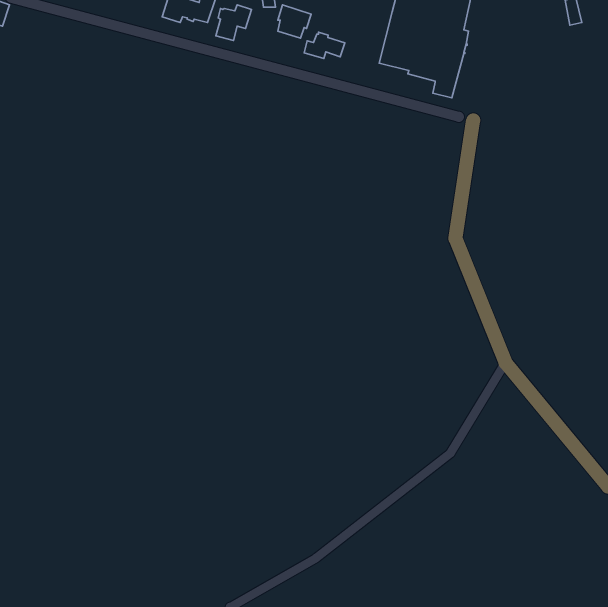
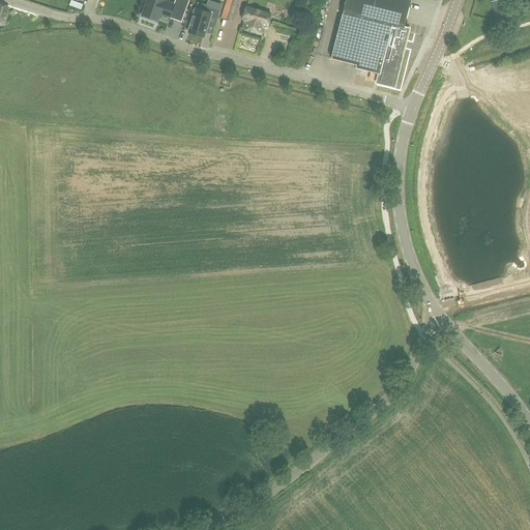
building: [304,32,345,59] -> none

